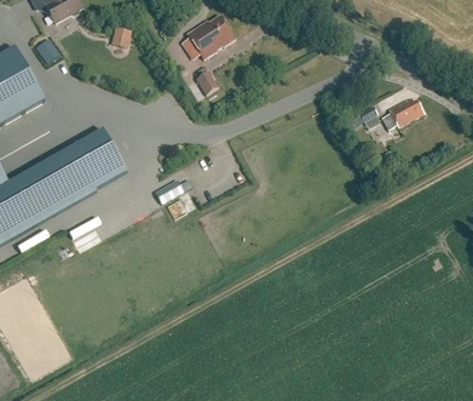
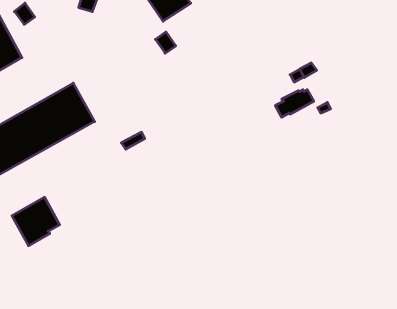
building: [381,97,425,128] -> [275,90,314,117]
building: none -> [12,197,60,246]

